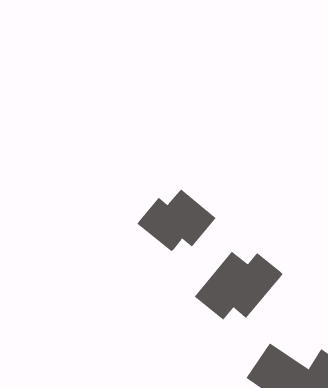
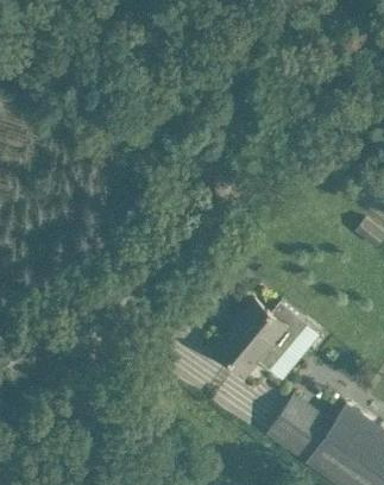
building: [137,189,217,252] -> none

